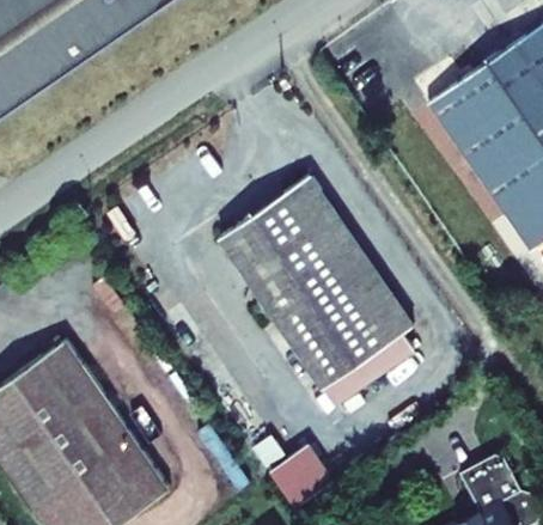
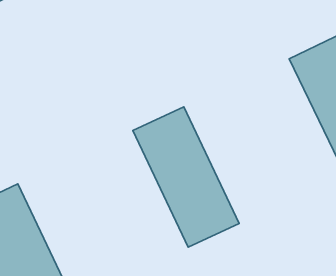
building: [287,178,411,347] -> none

